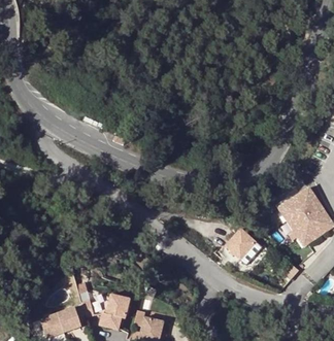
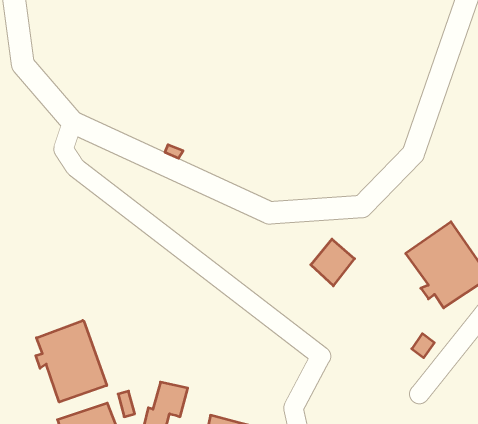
building: [225,228,255,260] -> [311,239,355,286]
building: none -> [36,320,107,402]

